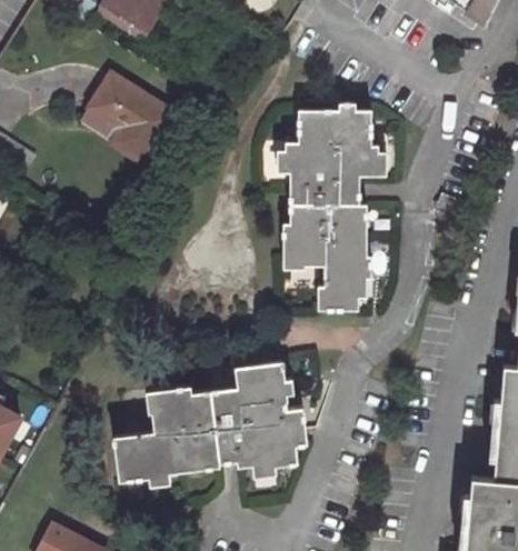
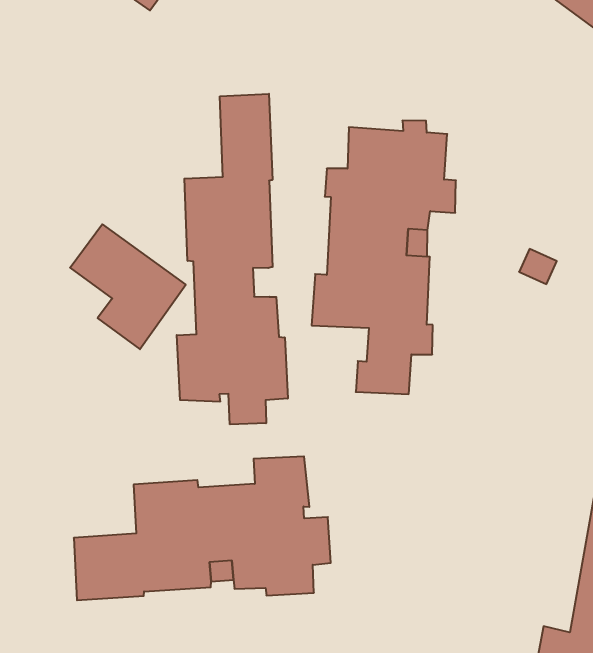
building: [88,79,176,171] -> [70,224,186,349]
building: none -> [177,94,288,424]

